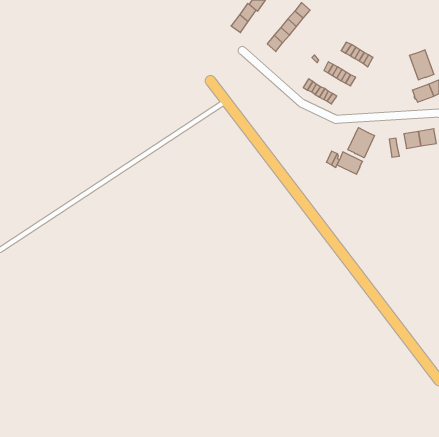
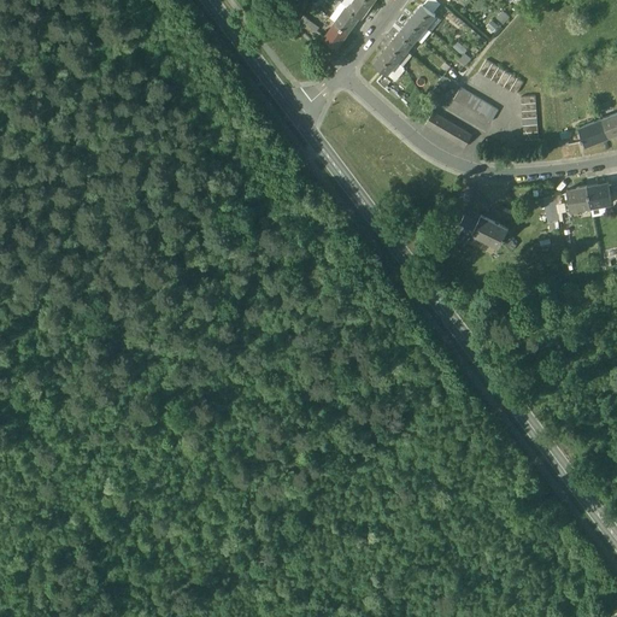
building: [410,50,434,80] -> none
building: [348,128,375,158] -> none

